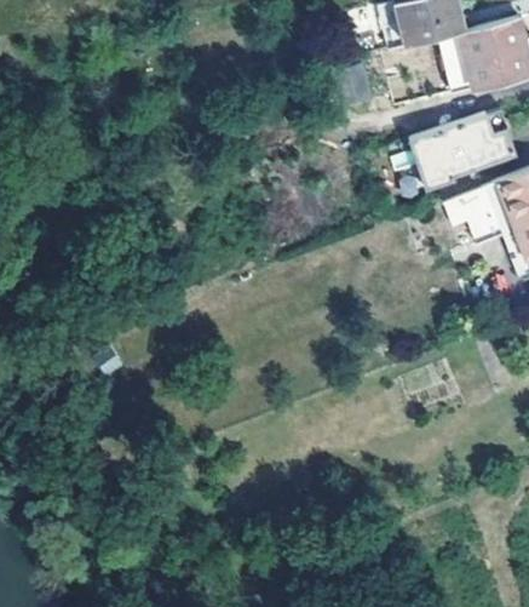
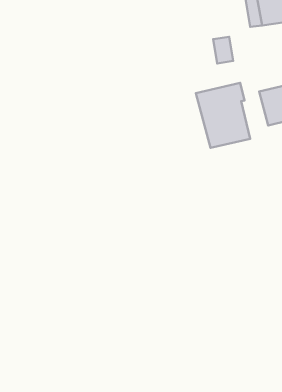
building: none -> [196,83,250,148]

